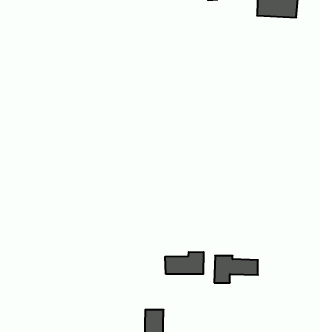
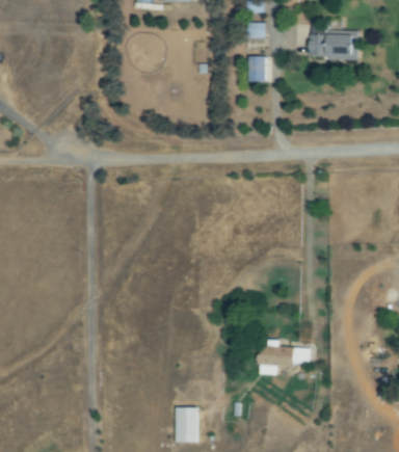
building: none -> [248,55,266,81]
building: [165,252,204,274] -> none

